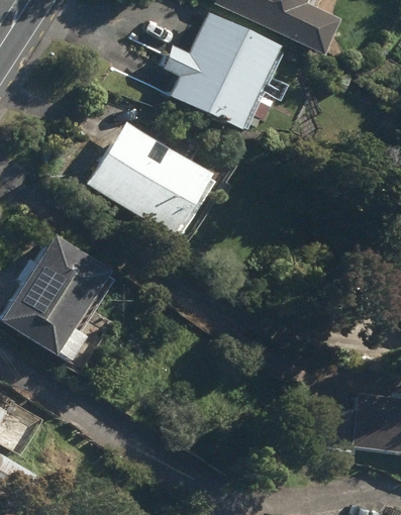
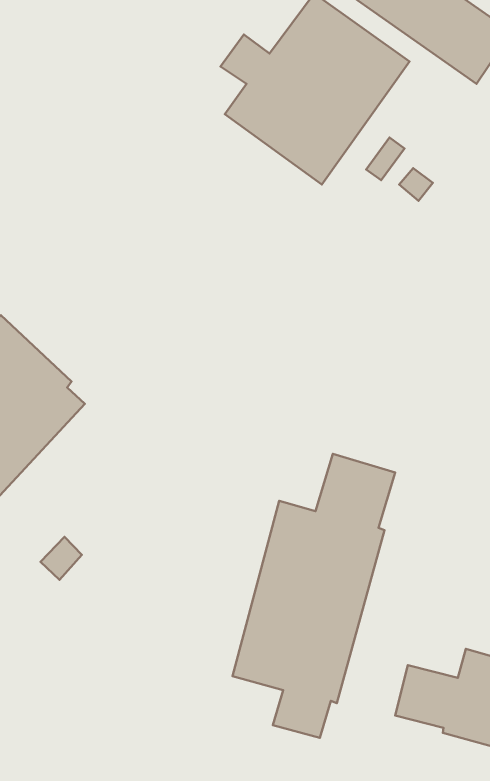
building: [89,121,210,232] -> none
building: none -> [232,454,395,738]

